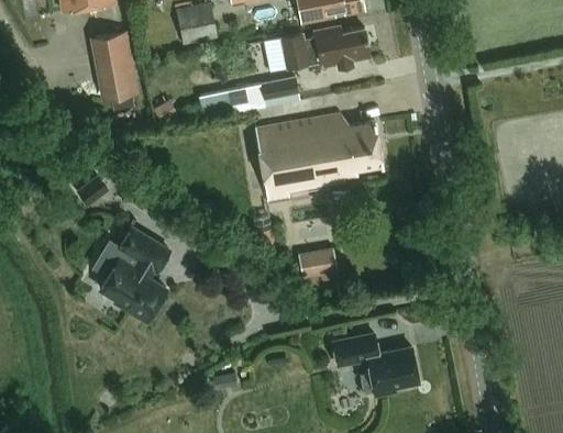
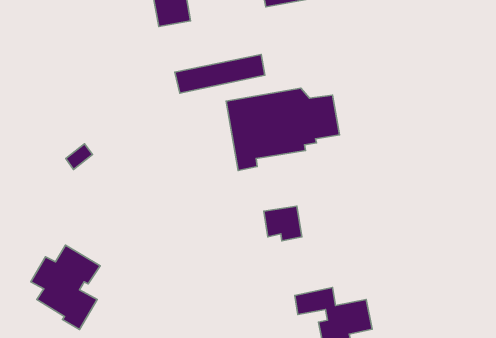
building: [262,25,369,71] -> none
building: [89,30,137,100] -> none
building: [91,227,168,321] -> [31,245,100,329]

